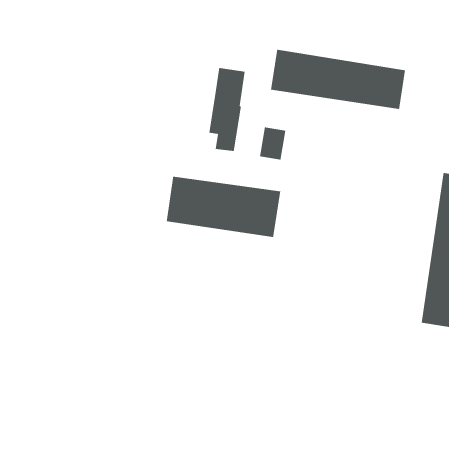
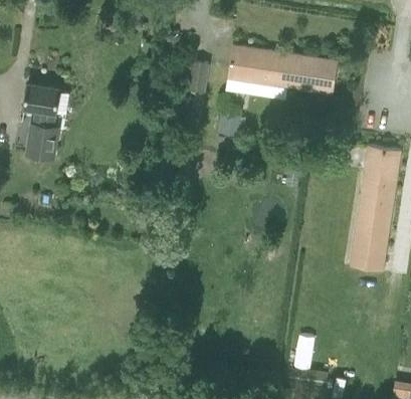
building: none -> [24,84,71,159]
building: [166,176,281,238] -> none

